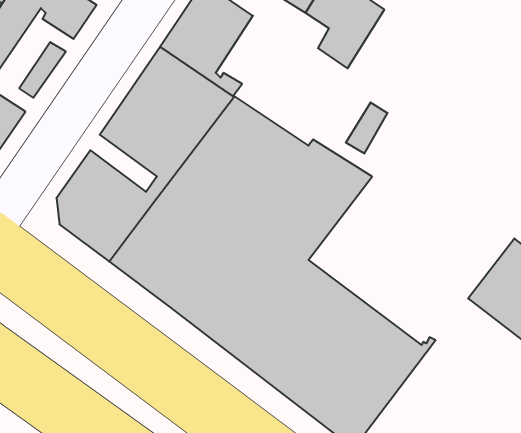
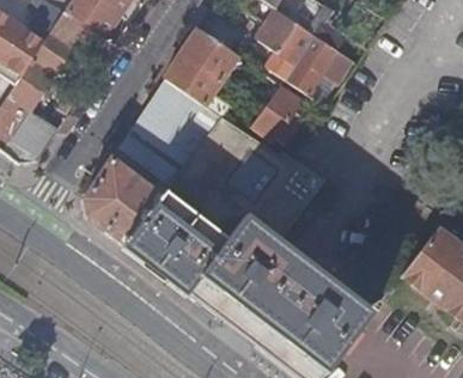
building: none -> [254,84,304,142]

